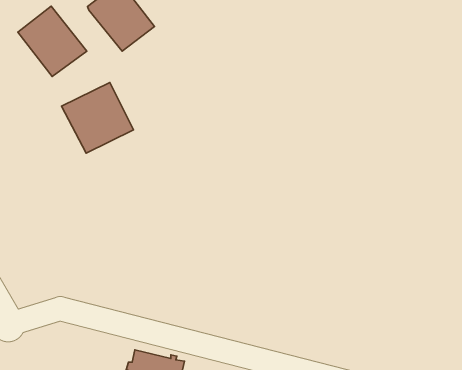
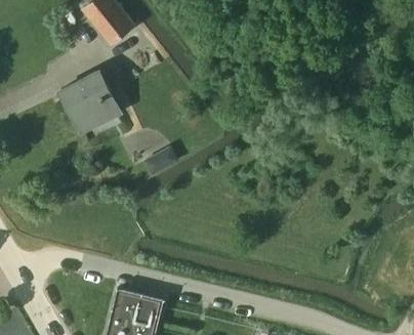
building: [18,6,87,77] -> none

